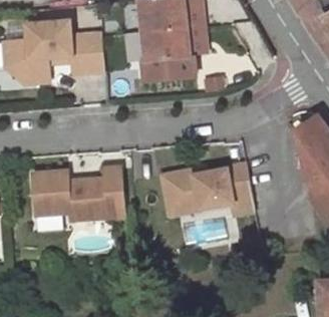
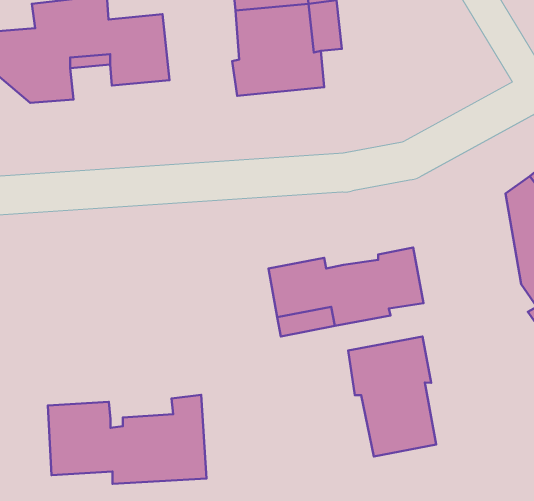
building: [34,170,125,221] -> [48,395,206,484]
building: none -> [348,337,436,457]

